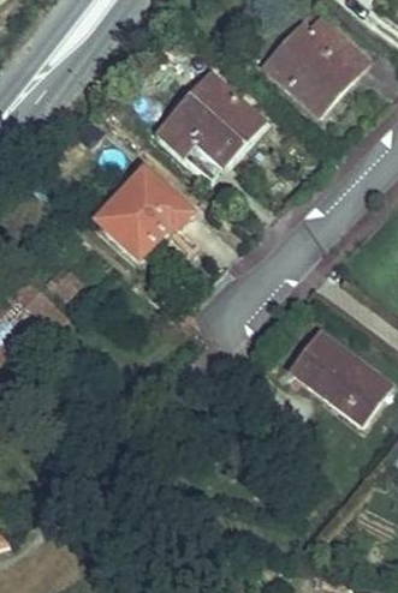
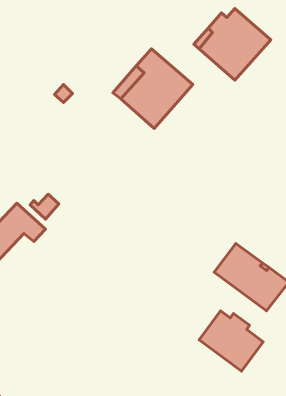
building: [95,167,191,259] -> none
building: none -> [199,311,263,371]

